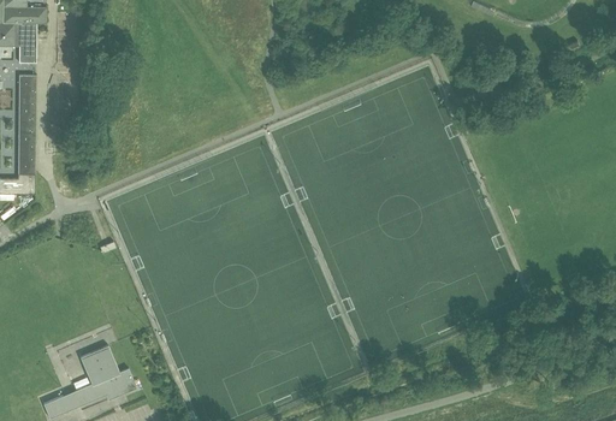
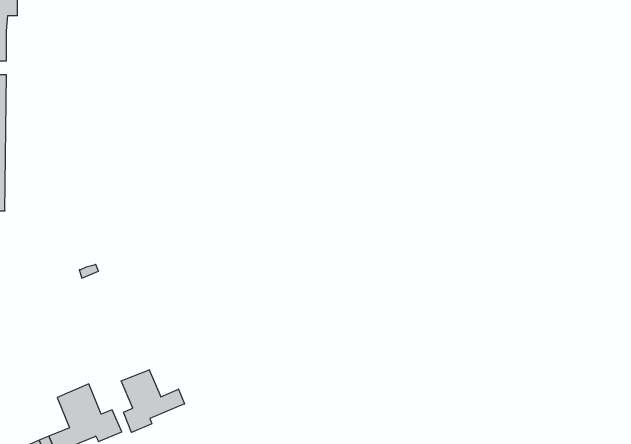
building: none -> [121,370,185,432]

